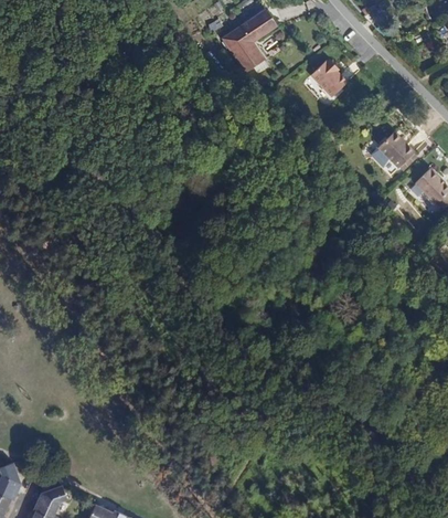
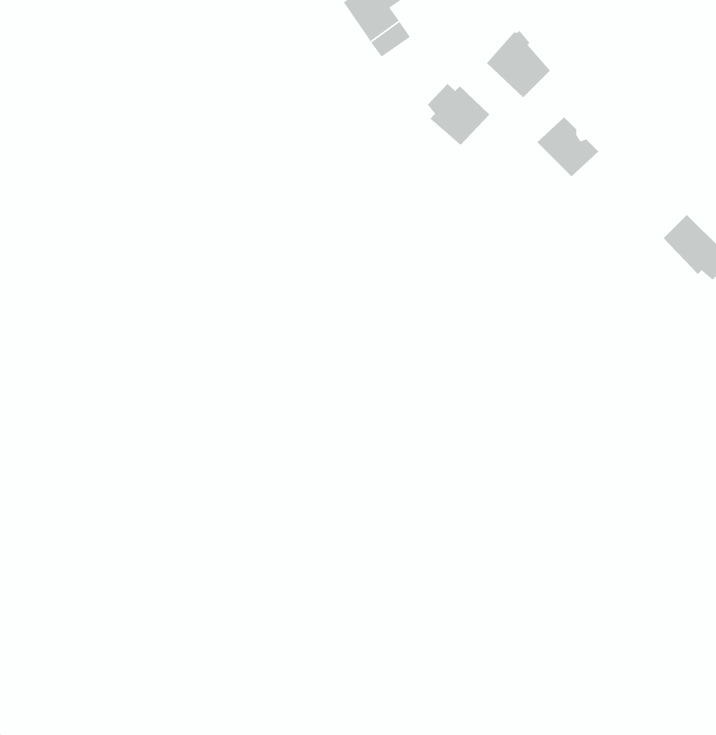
building: none -> [427,83,490,146]
building: [377,129,415,166] -> [537,116,599,177]

